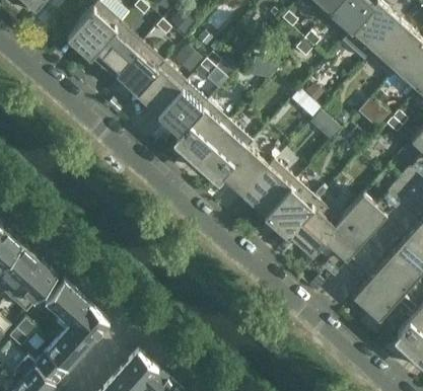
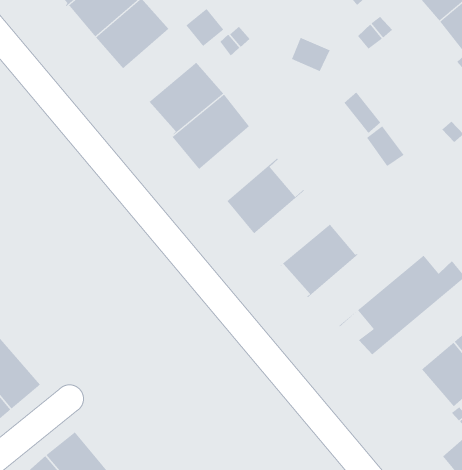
building: [135,63,186,115] -> none
building: [198,123,252,177] -> none
building: [242,162,296,217] -> none
building: [286,194,363,253] -> none
building: [352,276,399,321] -> none

